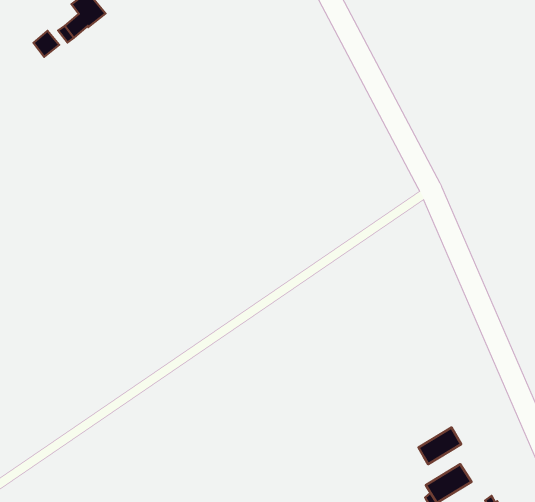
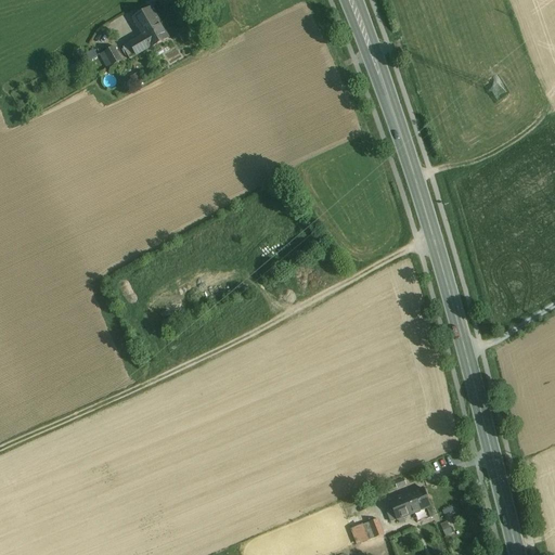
building: [419,427,461,464] -> none

